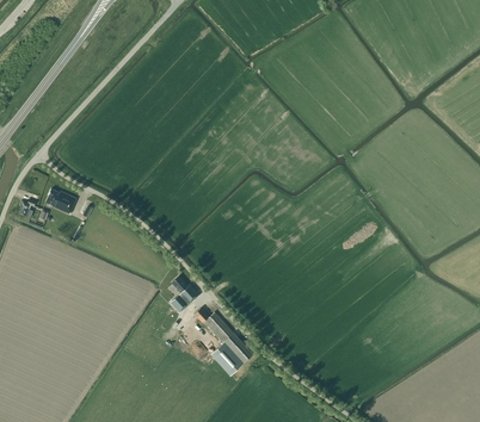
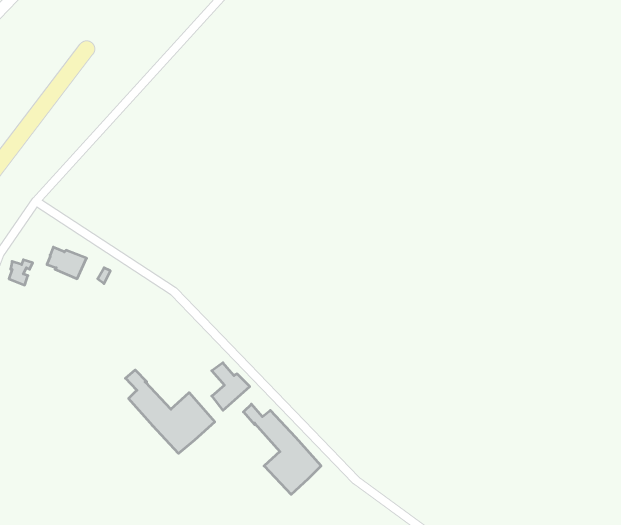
building: none -> [125,370,215,453]

